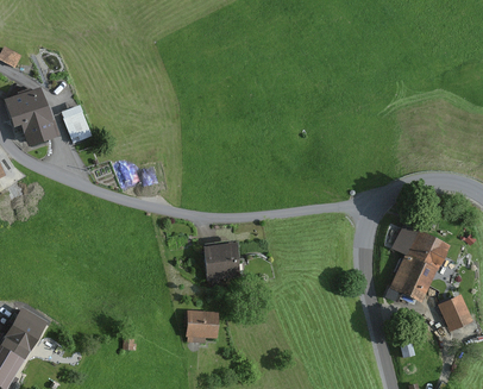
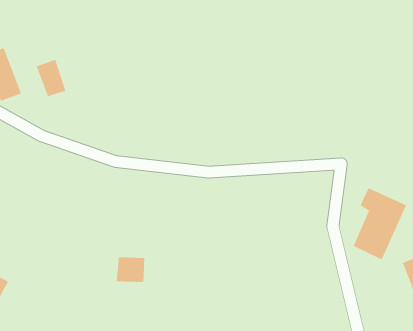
building: [203,245,238,281] -> none
building: [184,313,214,339] -> [116,257,145,283]

